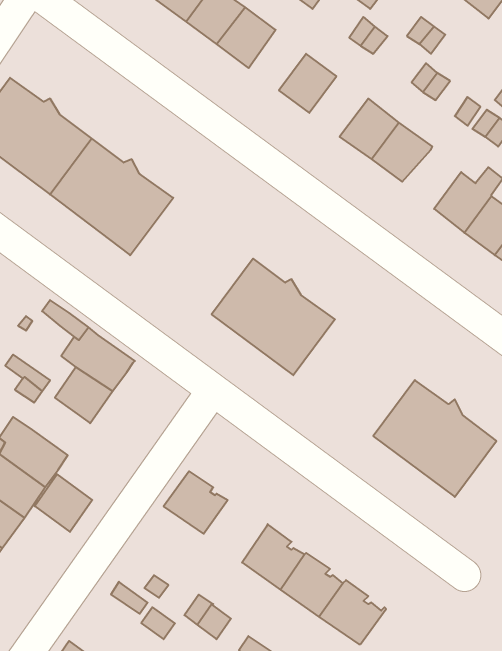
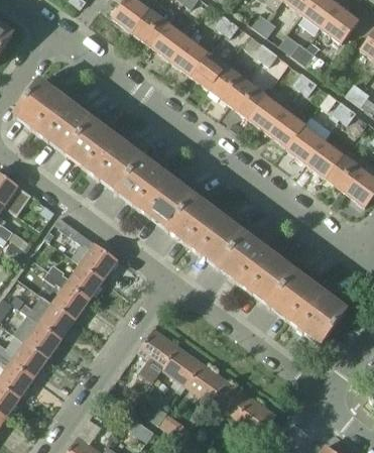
building: none -> [190,50,226,89]
building: none -> [228,80,265,118]
building: none -> [285,126,324,163]
building: none -> [115,156,193,230]
building: none -> [218,233,294,307]
building: [35,474,92,532] -> [53,282,90,319]
building: none -> [161,345,201,386]

